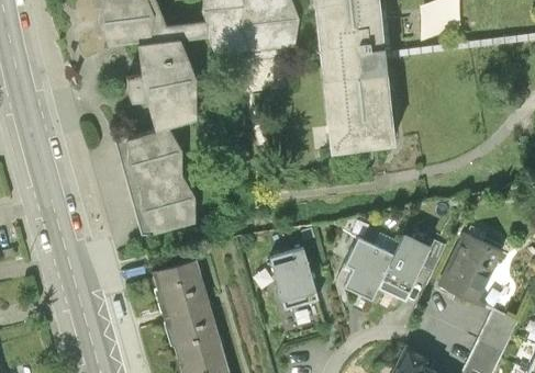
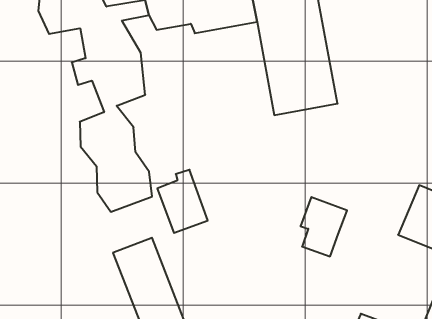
building: [383,234,434,290] -> none
building: [274,247,322,309] -> [157,170,208,233]

